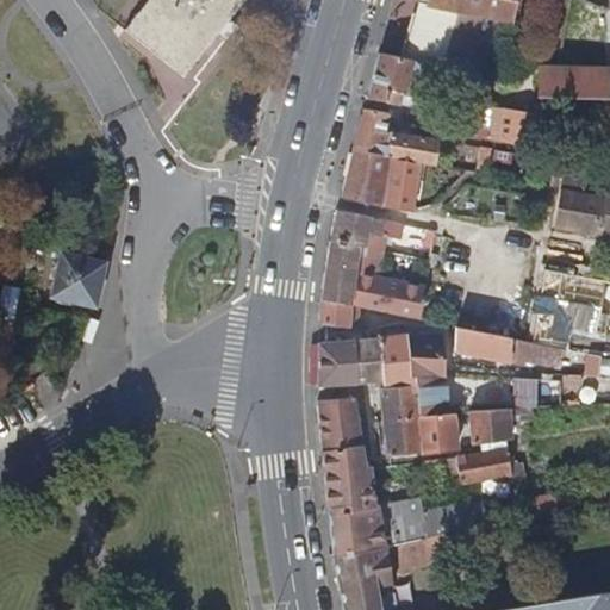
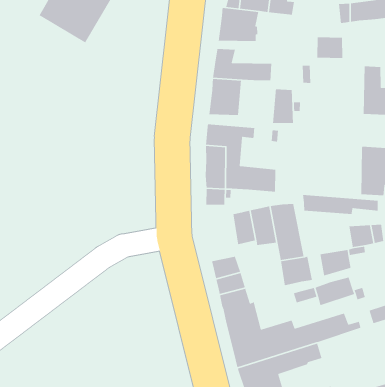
building: [382,157,417,210] -> [272,89,294,124]
building: [52,253,106,306] -> none
building: [317,341,356,387] -> none
building: [380,390,413,452] -> none

